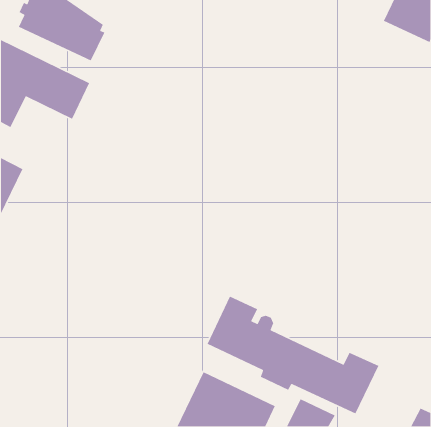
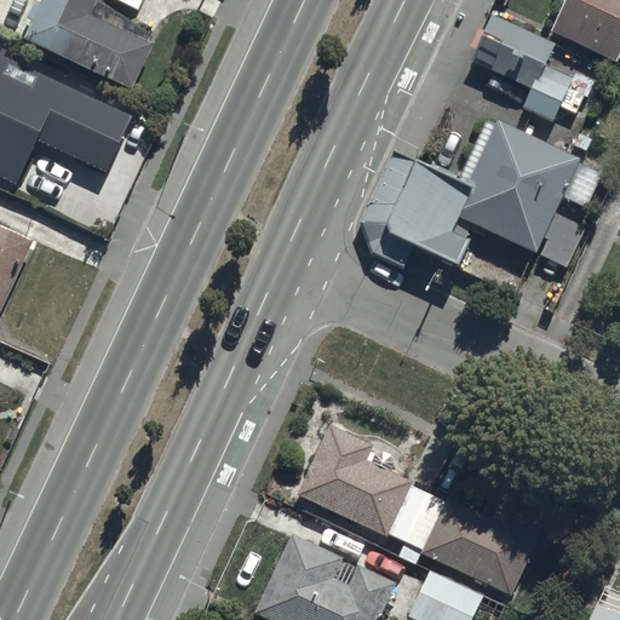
building: none -> [471,13,592,121]
building: none -> [360,120,601,272]

